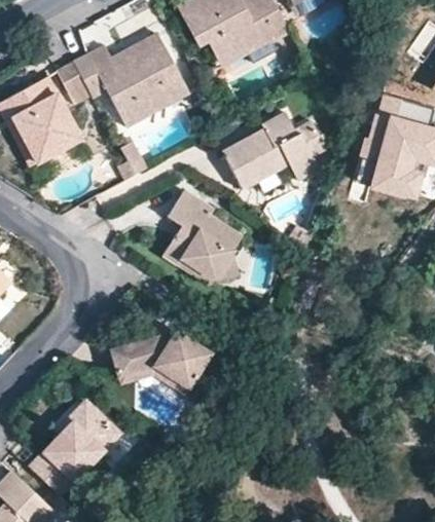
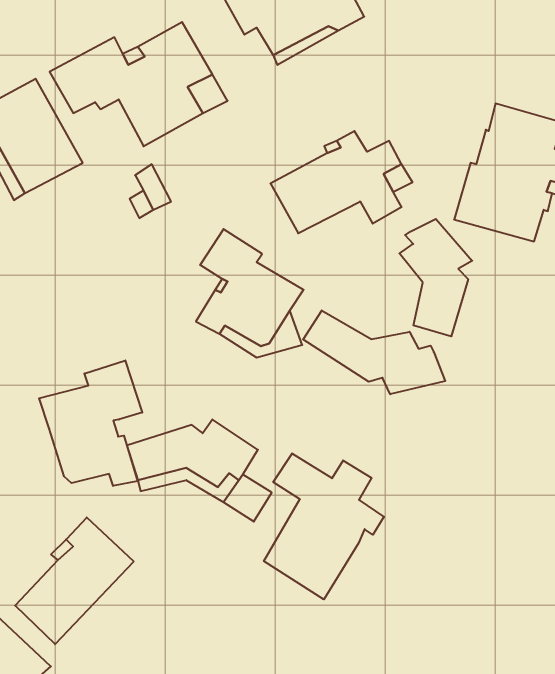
building: none -> [399,219,472,336]
building: none -> [303,310,445,394]
building: none -> [39,360,142,486]
building: none -> [264,453,384,599]

